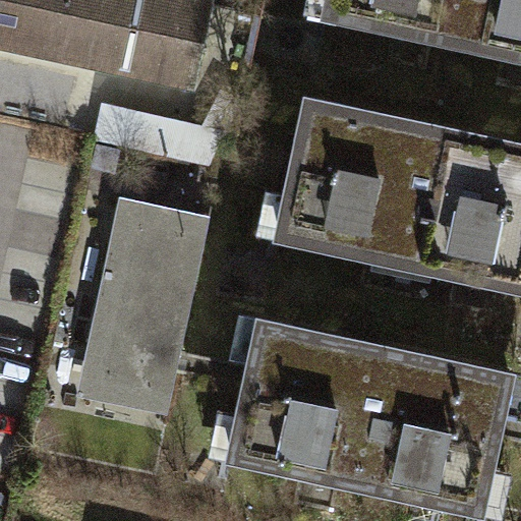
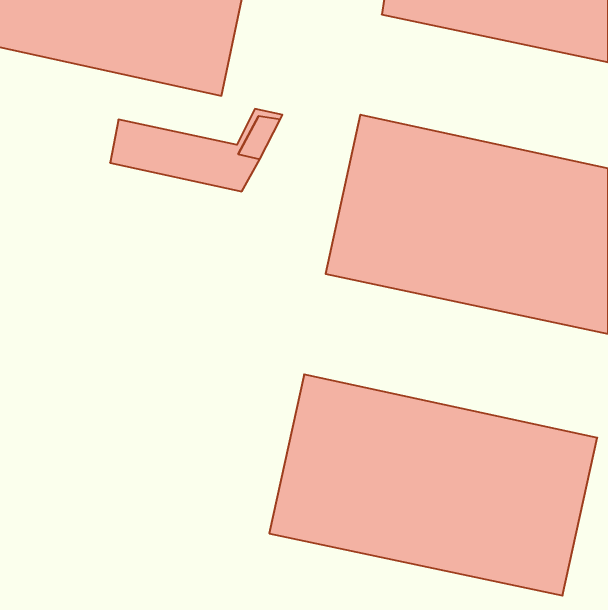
building: [75,198,209,414] -> none

